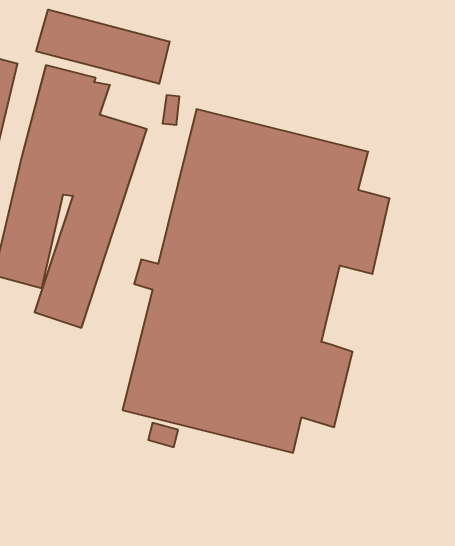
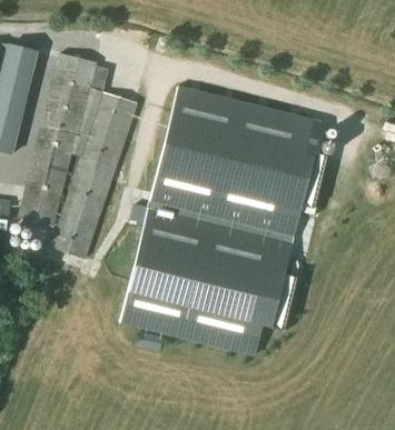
building: [36,10,170,84] -> none

